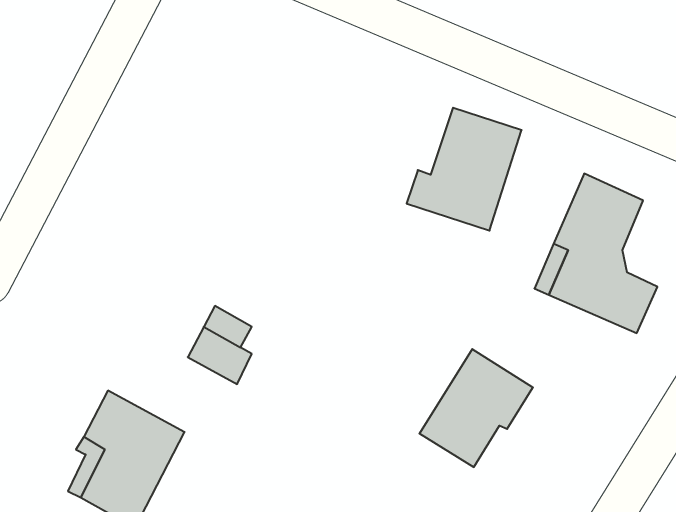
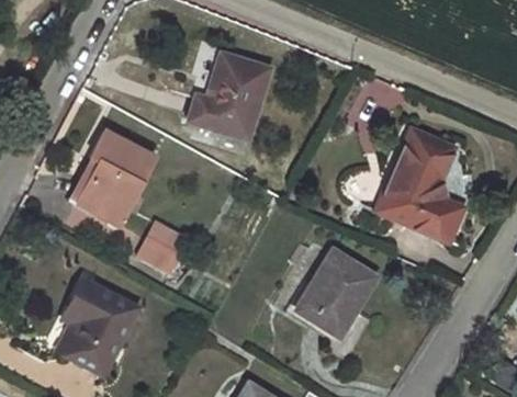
building: [407,108,522,231] -> [189,54,268,138]
building: none -> [77,132,154,225]

